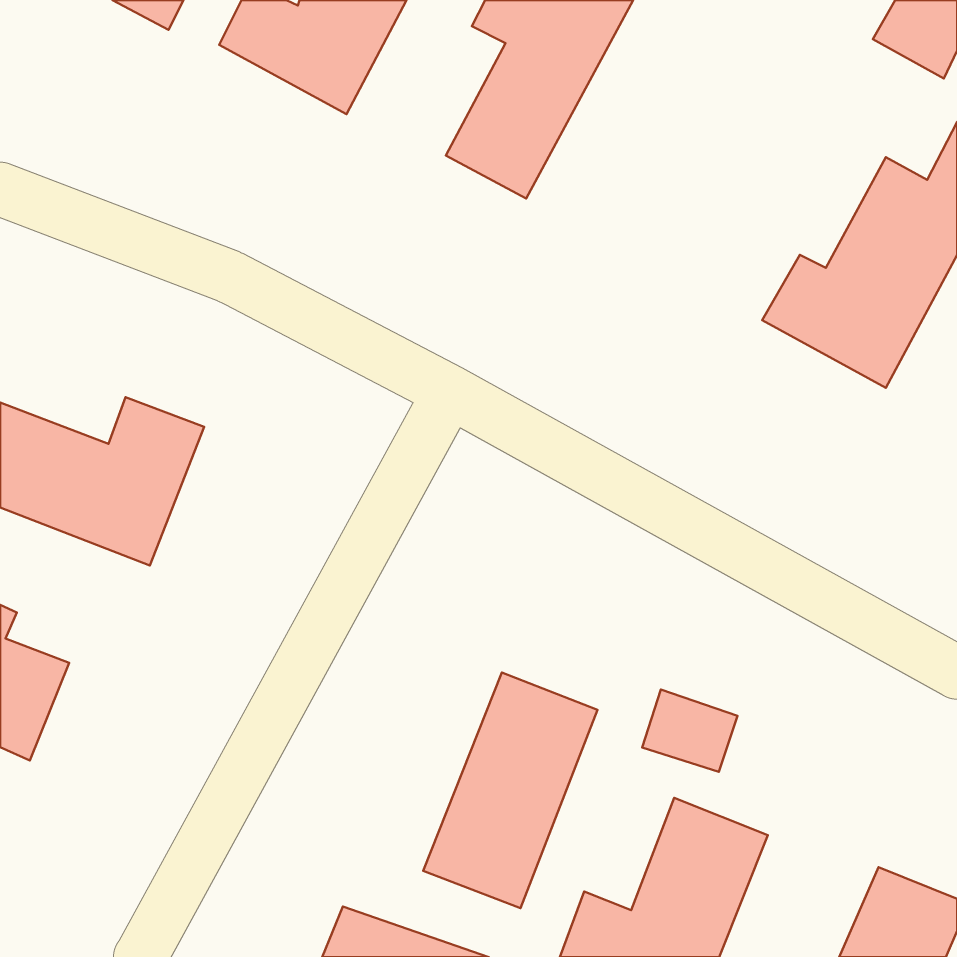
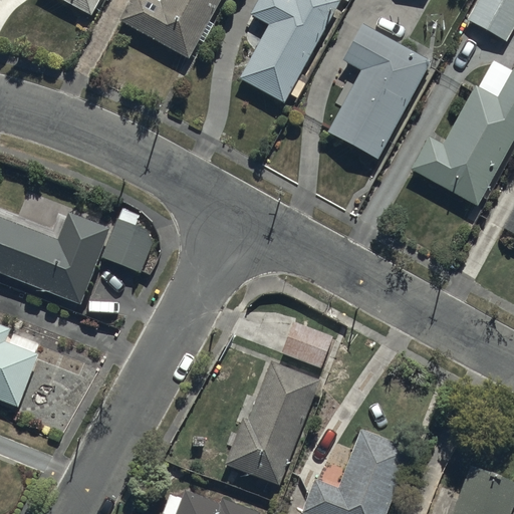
building: none -> [326,23,432,160]
building: none -> [102,224,153,272]
building: [642,690,738,772] -> [280,323,331,367]

